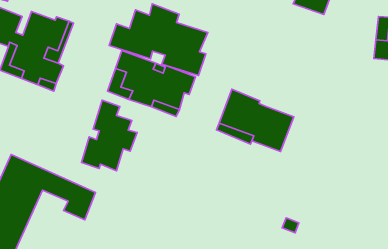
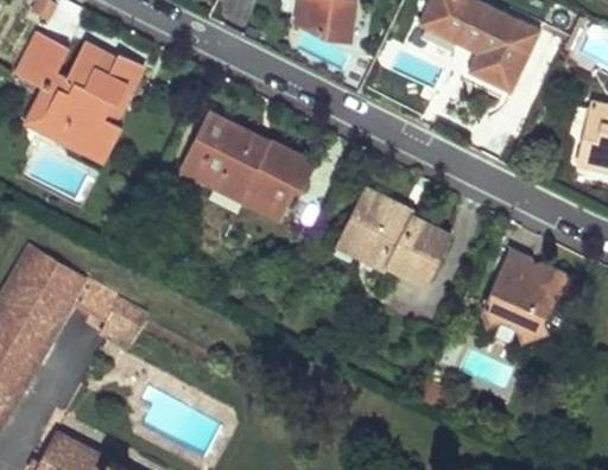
building: [109,4,208,76] -> none
building: [82,100,137,171] -> none
building: none -> [480,248,572,339]

